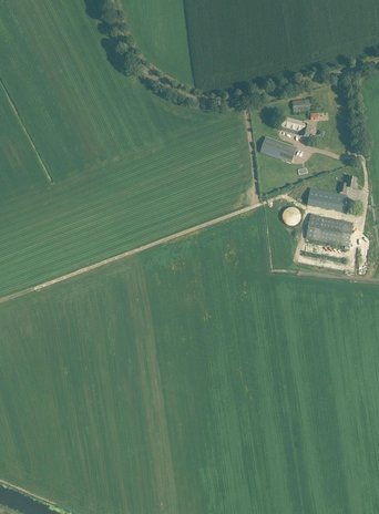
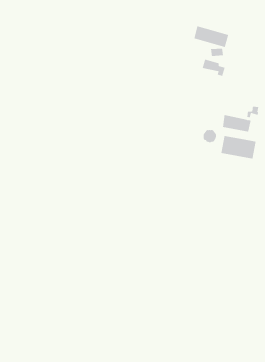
building: none -> [194,26,229,48]
building: [259,136,296,163] -> none

